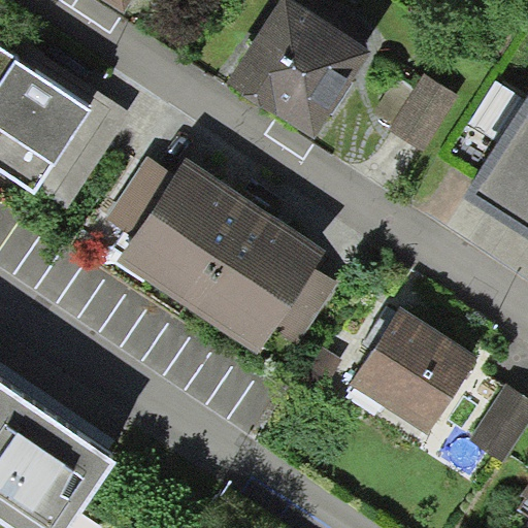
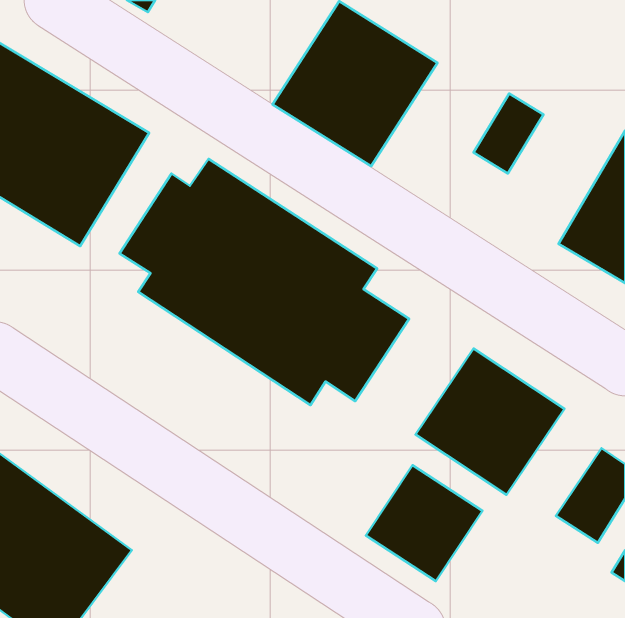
building: none -> [366,465,483,581]

